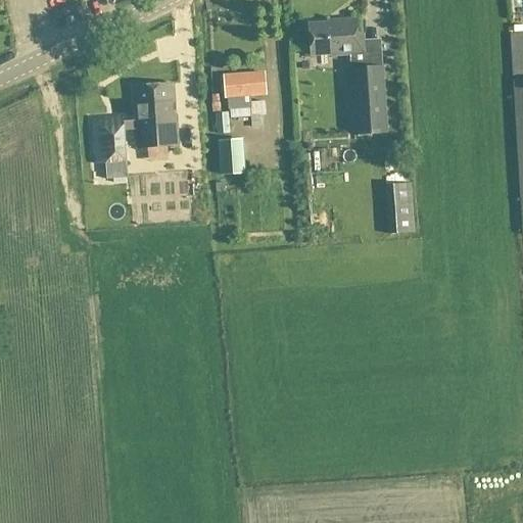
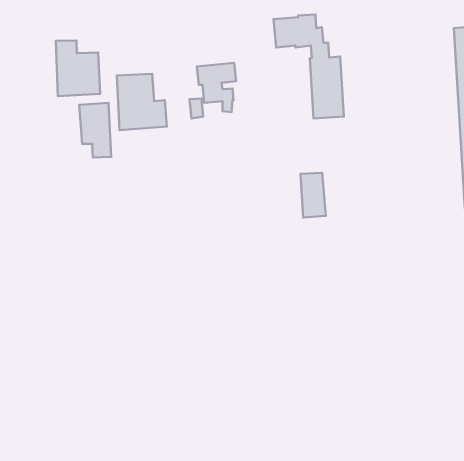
building: none -> [56,40,100,96]
building: [219,139,246,173] -> none
building: [385,183,414,233] -> [300,173,326,218]

